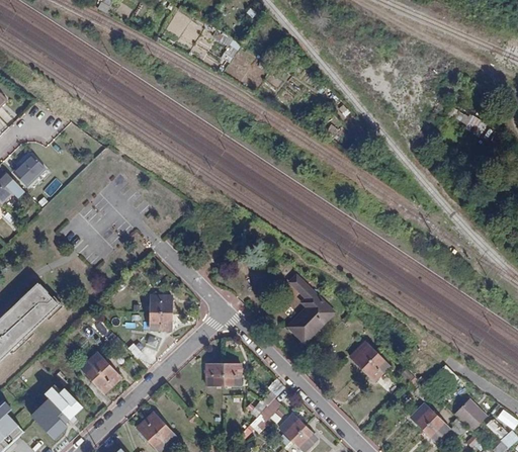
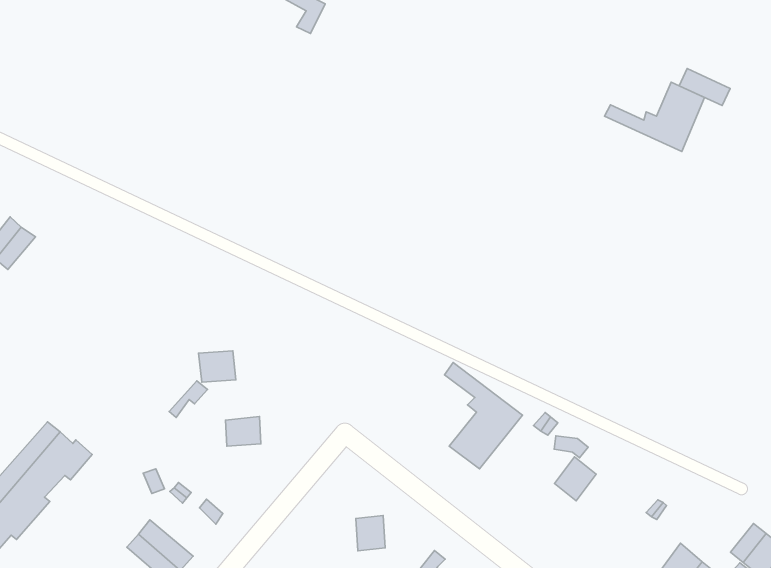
building: none -> [604,82,705,151]
building: [149,311,170,331] -> [199,351,236,382]
building: [361,354,388,381] -> none
building: [204,364,224,385] -> none

